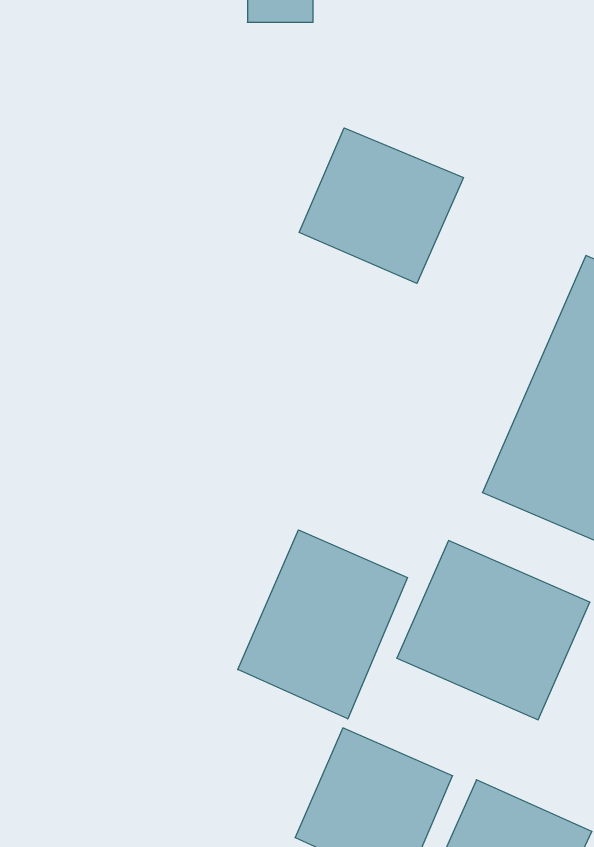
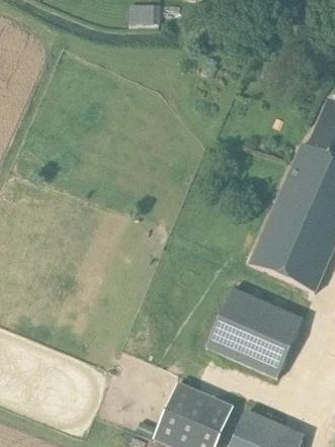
building: [299,128,464,283] -> none
building: [238,530,407,719] -> none

